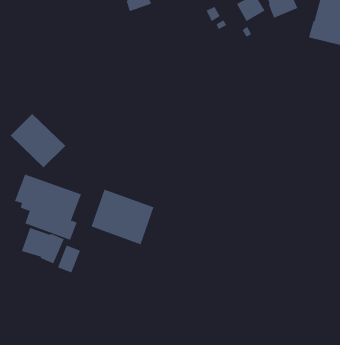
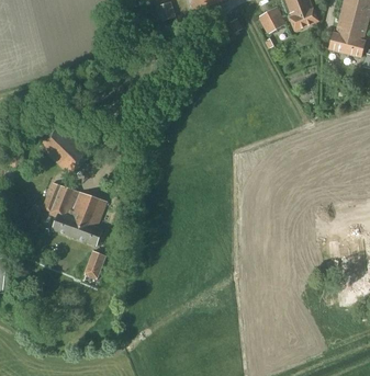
building: [91,189,154,245] -> none
building: [21,227,64,264] -> none

